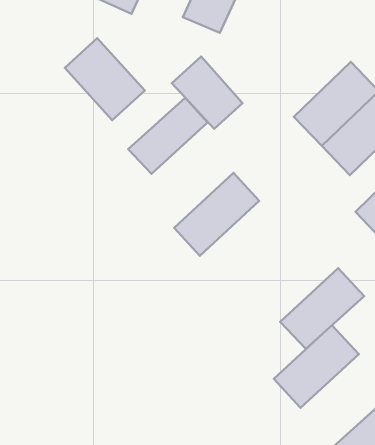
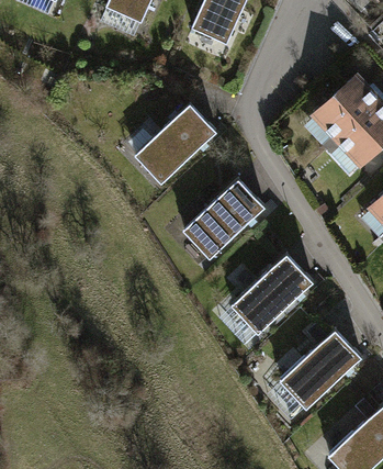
building: [65,38,145,120] -> none
building: [172,56,243,129] -> none
building: [280,268,364,349] -> [230,254,313,333]

